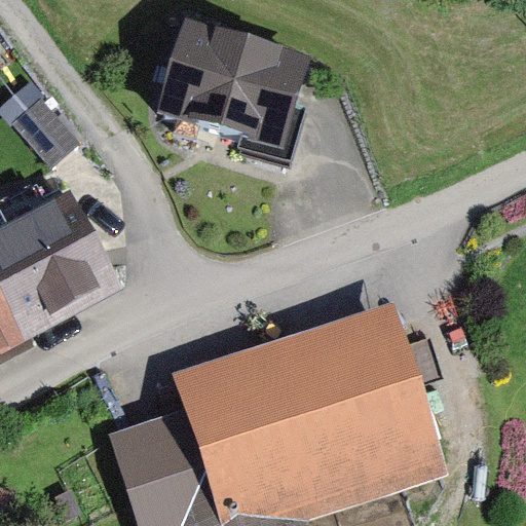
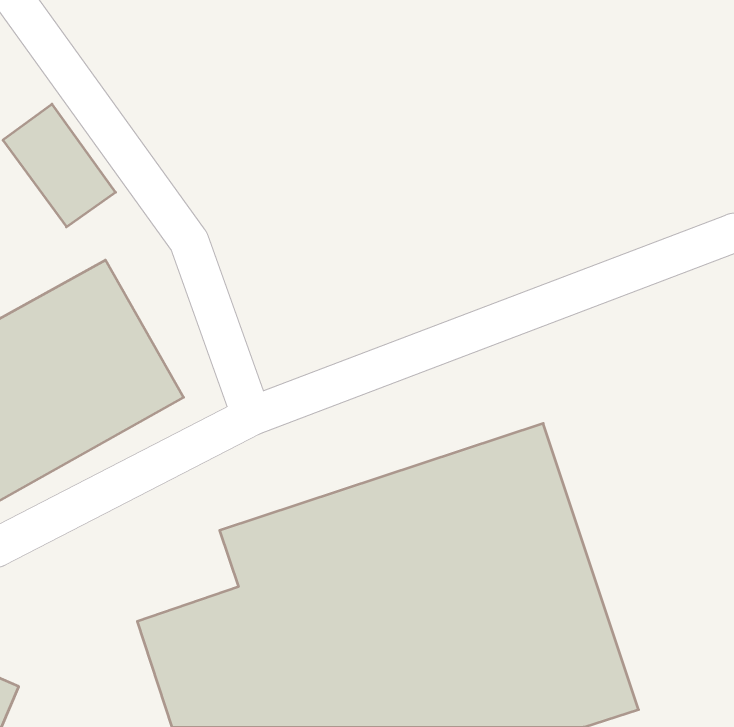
building: [152,17,312,154] -> none

